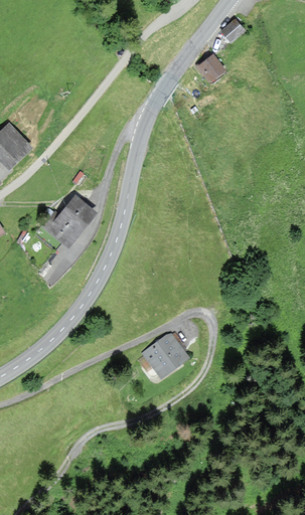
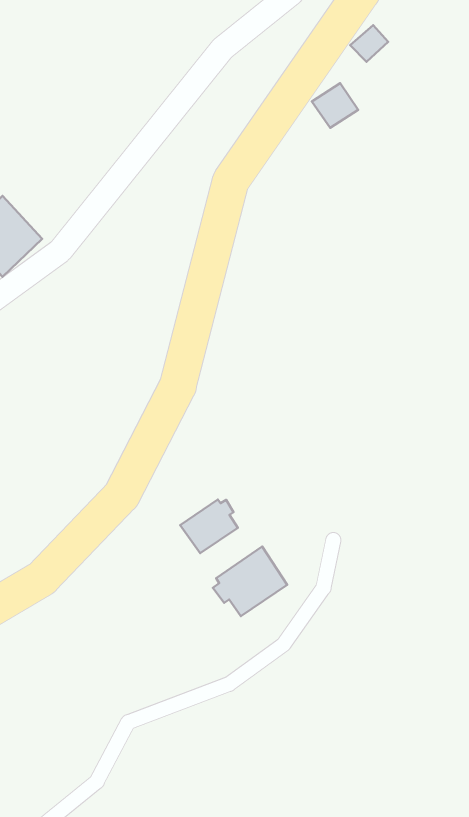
building: [42,195,97,247] -> none
building: none -> [180,500,238,553]

